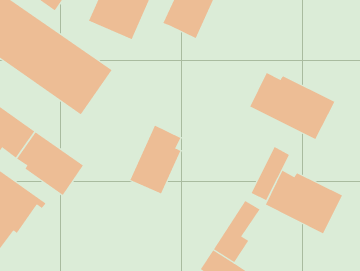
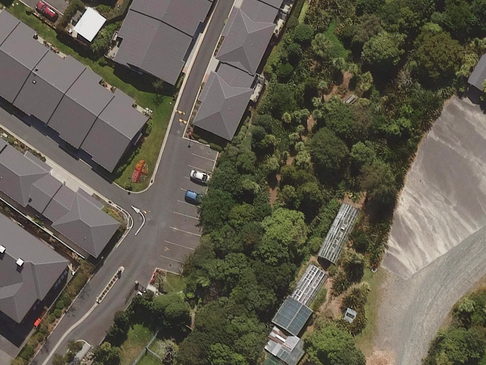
building: [250,72,335,140] -> none
building: [129,125,181,194] -> [190,63,250,143]
building: [265,170,343,234] -> none

